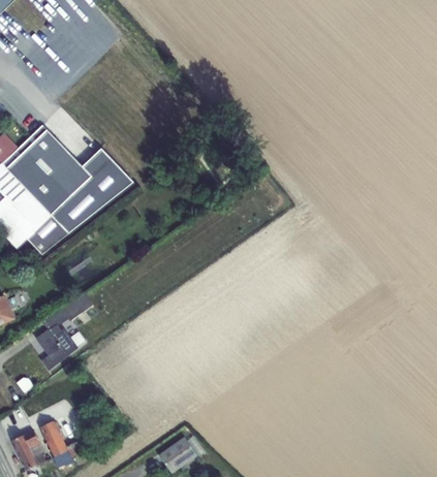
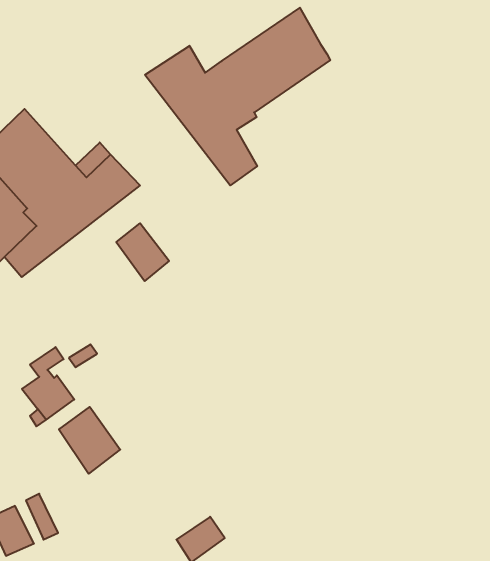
building: none -> [145,8,330,185]
building: none -> [116,223,169,281]
building: none -> [59,407,120,474]

